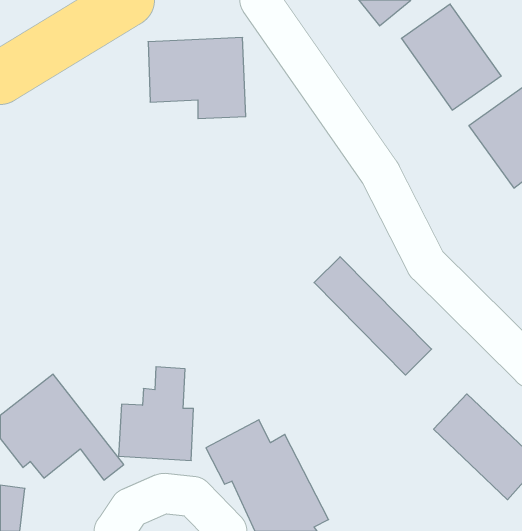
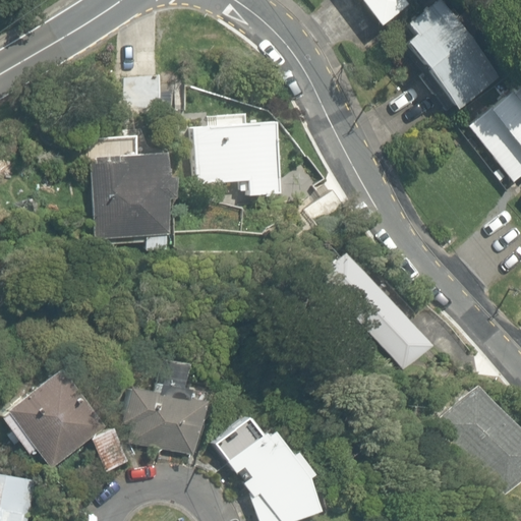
building: [148,38,246,119] -> [194,120,290,199]
building: none -> [93,151,185,250]

